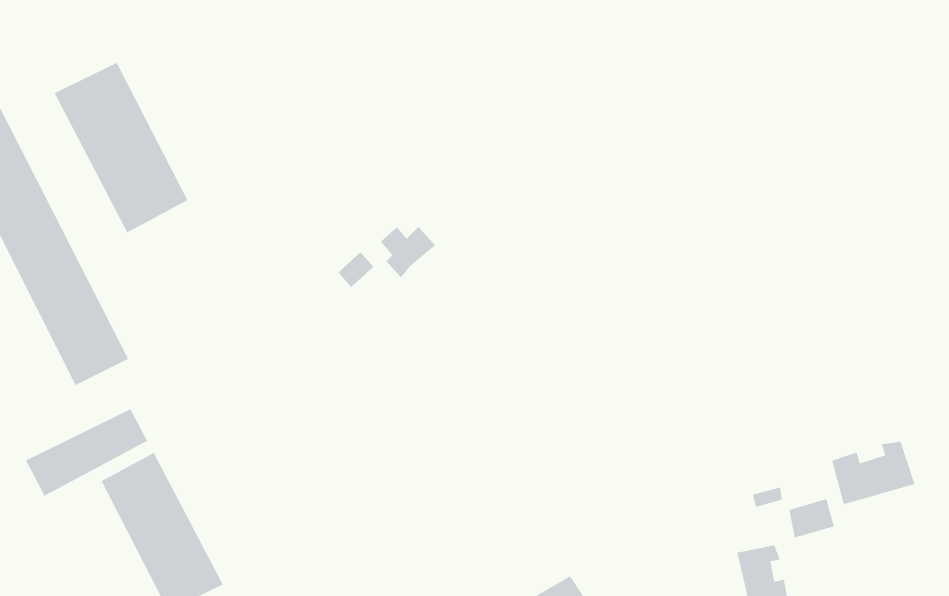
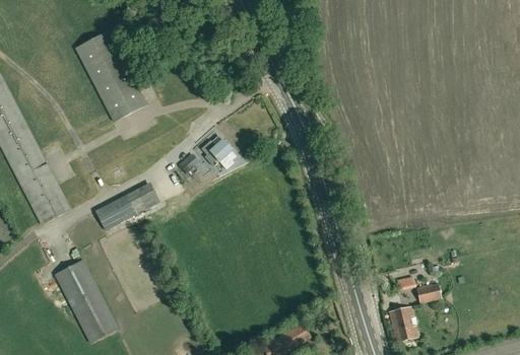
building: [54,62,188,233] -> [75,31,146,122]
building: [25,408,148,497] -> [94,184,159,230]
building: [831,441,915,505] -> none

